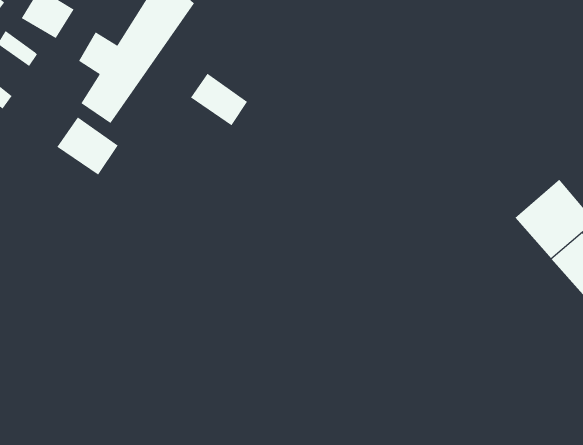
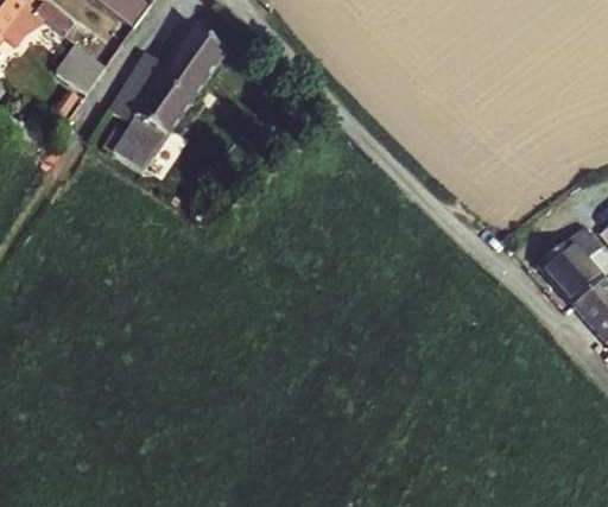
building: [190,73,248,126] -> none
building: [57,117,118,175] -> none

